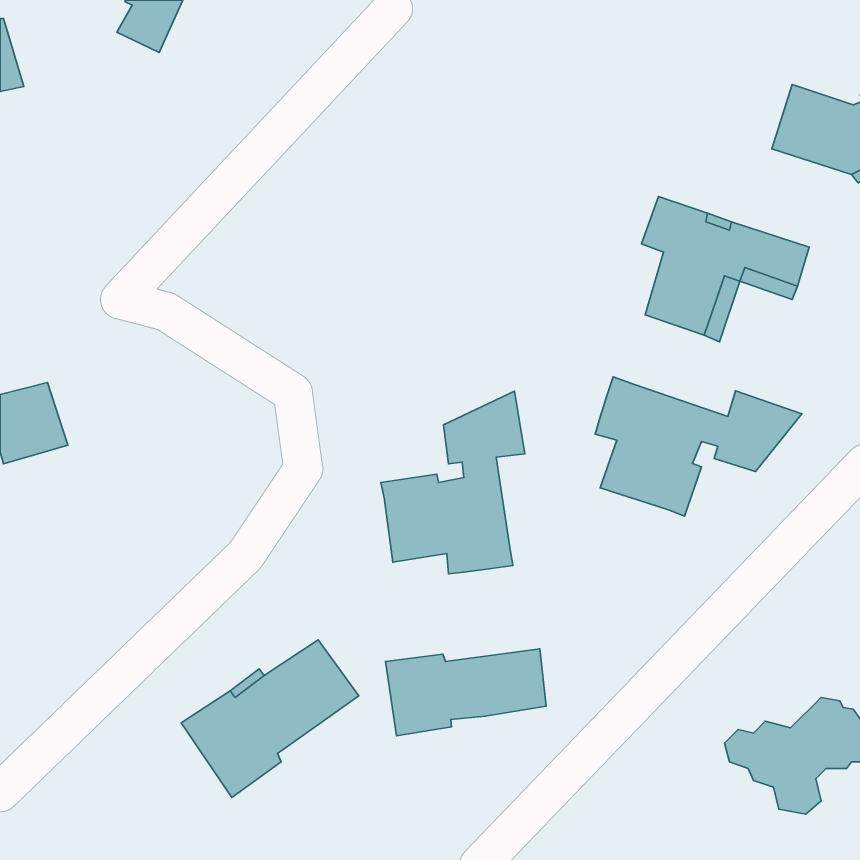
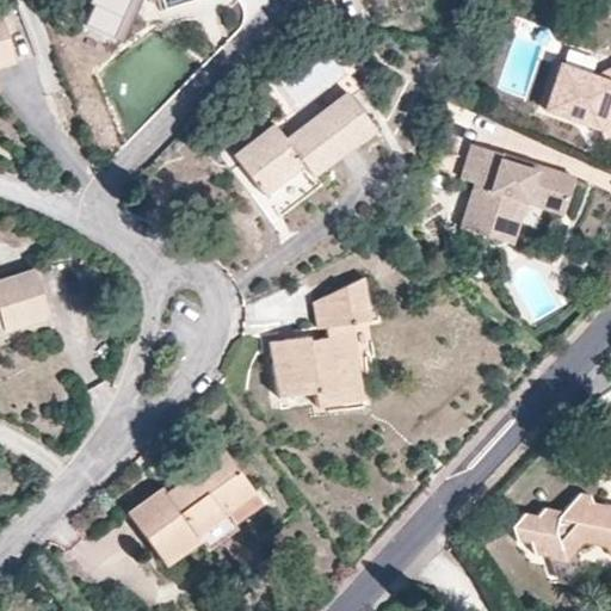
building: none -> [237,94,377,197]
building: [595,377,802,516] -> none
building: [385,649,546,736] -> none

